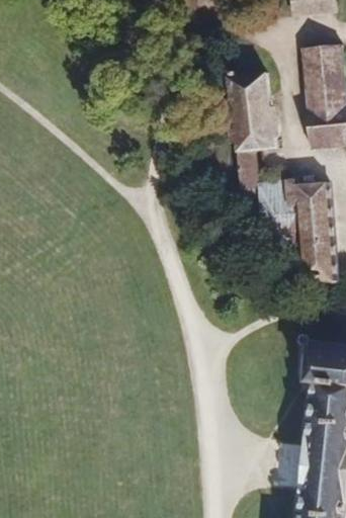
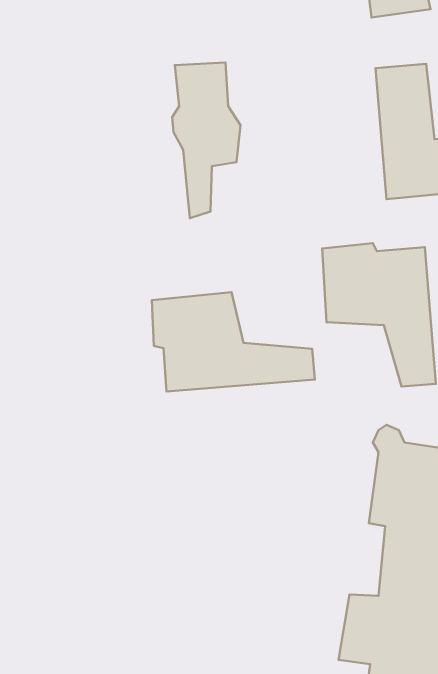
building: [231,74,281,189] -> [172,62,241,218]
building: none -> [152,292,315,392]

